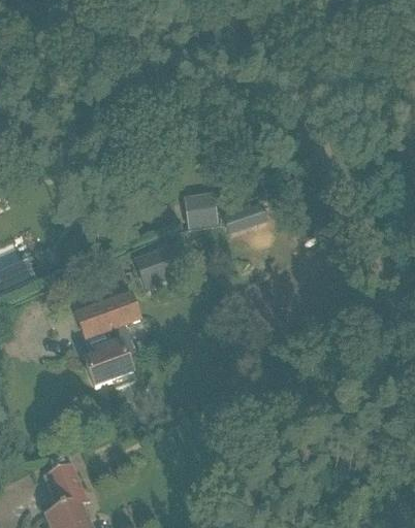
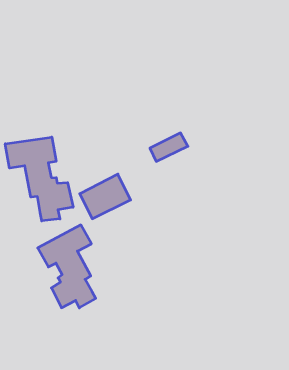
building: none -> [5,137,73,221]
building: [184,194,217,226] -> none

